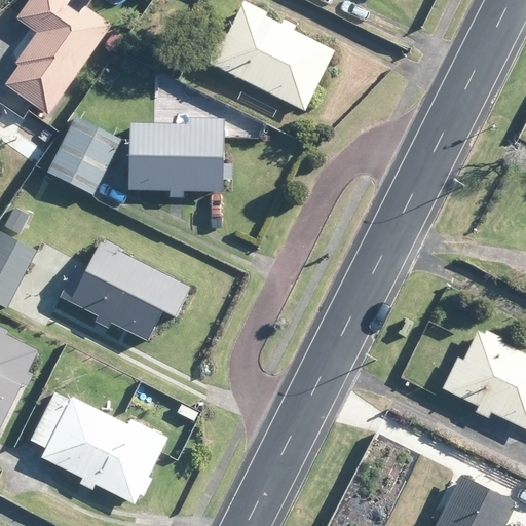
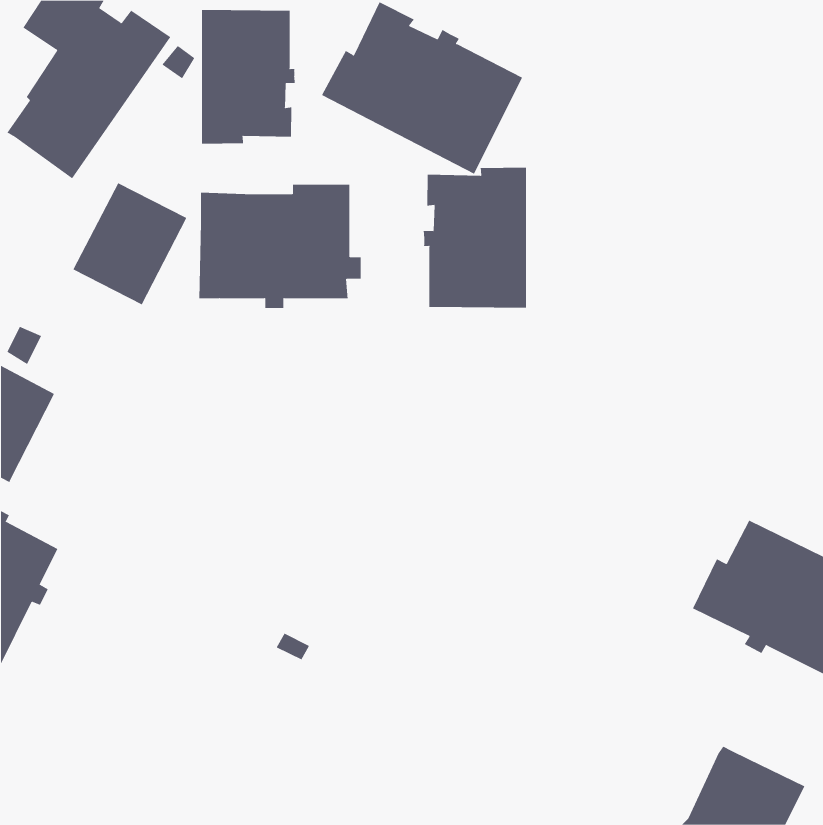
building: none -> [202,9,295,144]
building: none -> [423,167,527,309]
building: [60,237,190,339] -> none
building: [30,391,166,503] -> none

